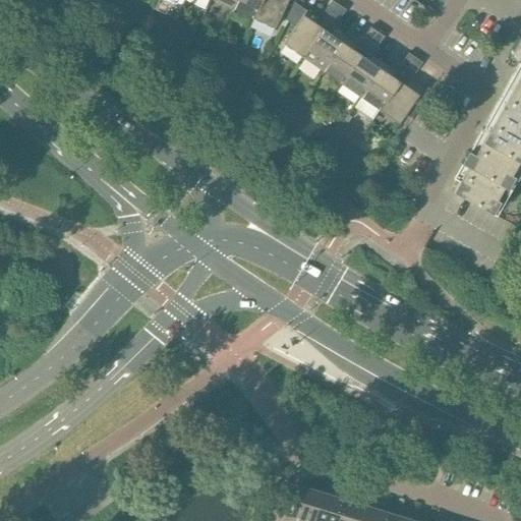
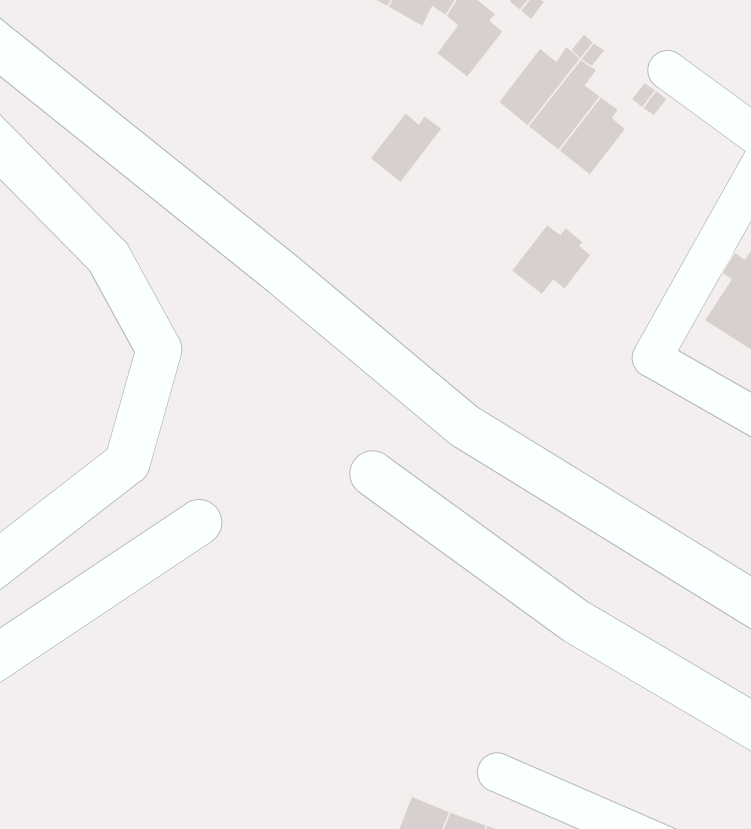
building: [304,28,346,70] -> [370,113,442,183]
building: [381,81,427,123] -> [511,225,591,295]

